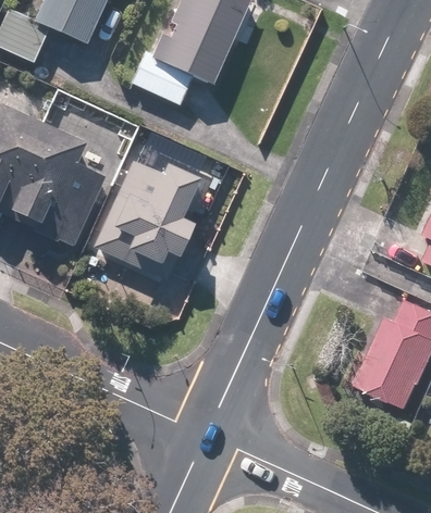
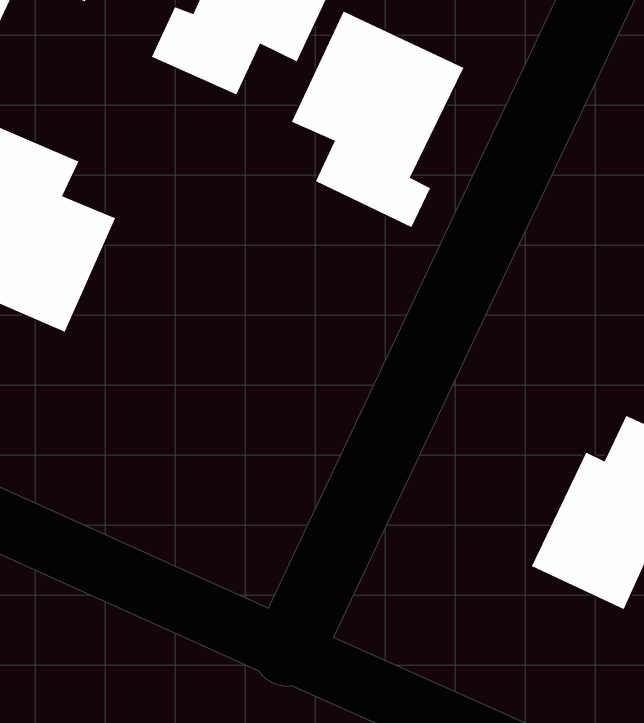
building: none -> [291,11,465,228]
building: [91,154,197,279] -> none

